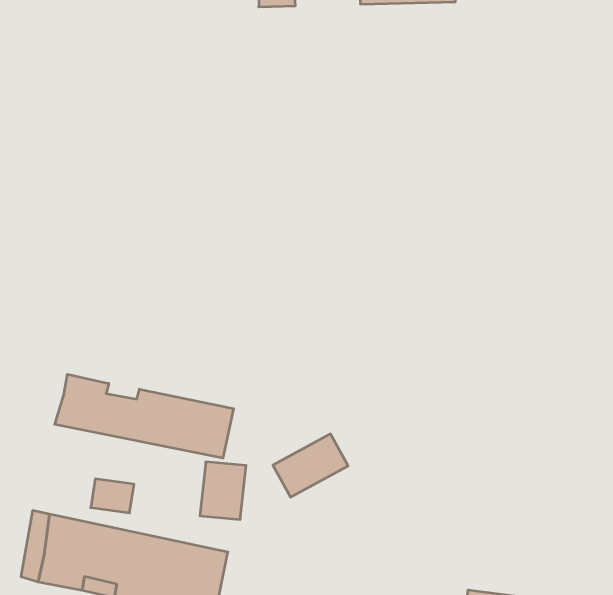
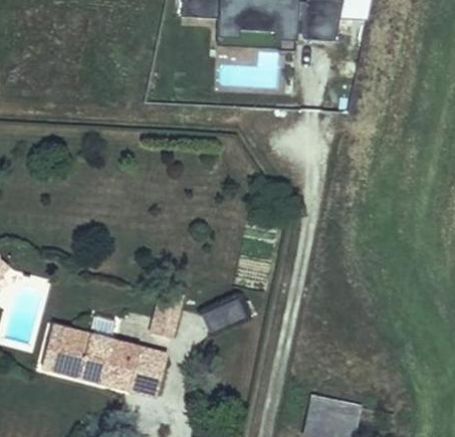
building: [55,374,234,458] -> none

